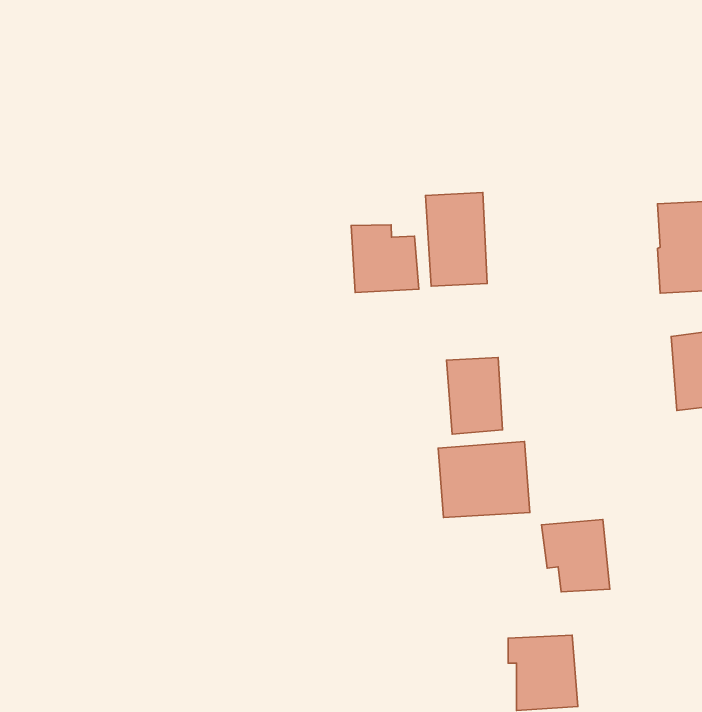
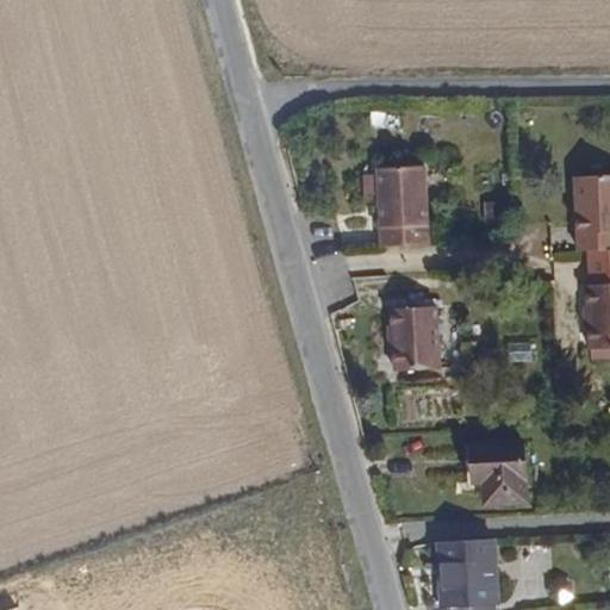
building: [351,225,419,292] -> none
building: [438,441,530,518] -> none

